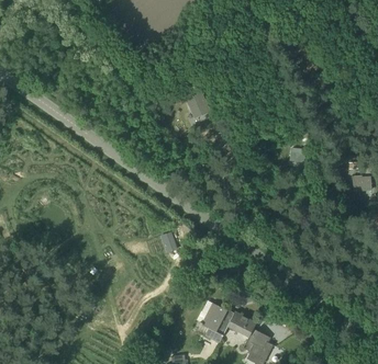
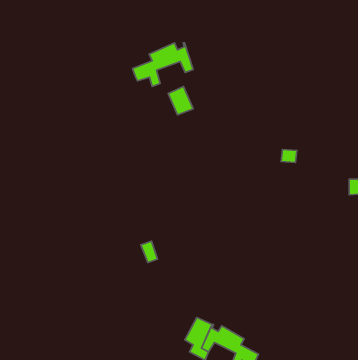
building: none -> [133,43,193,86]

